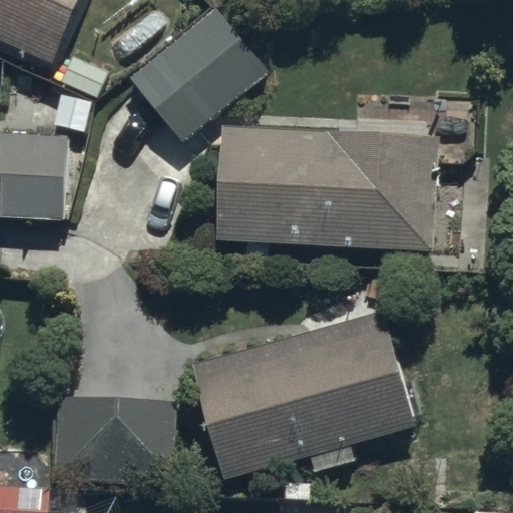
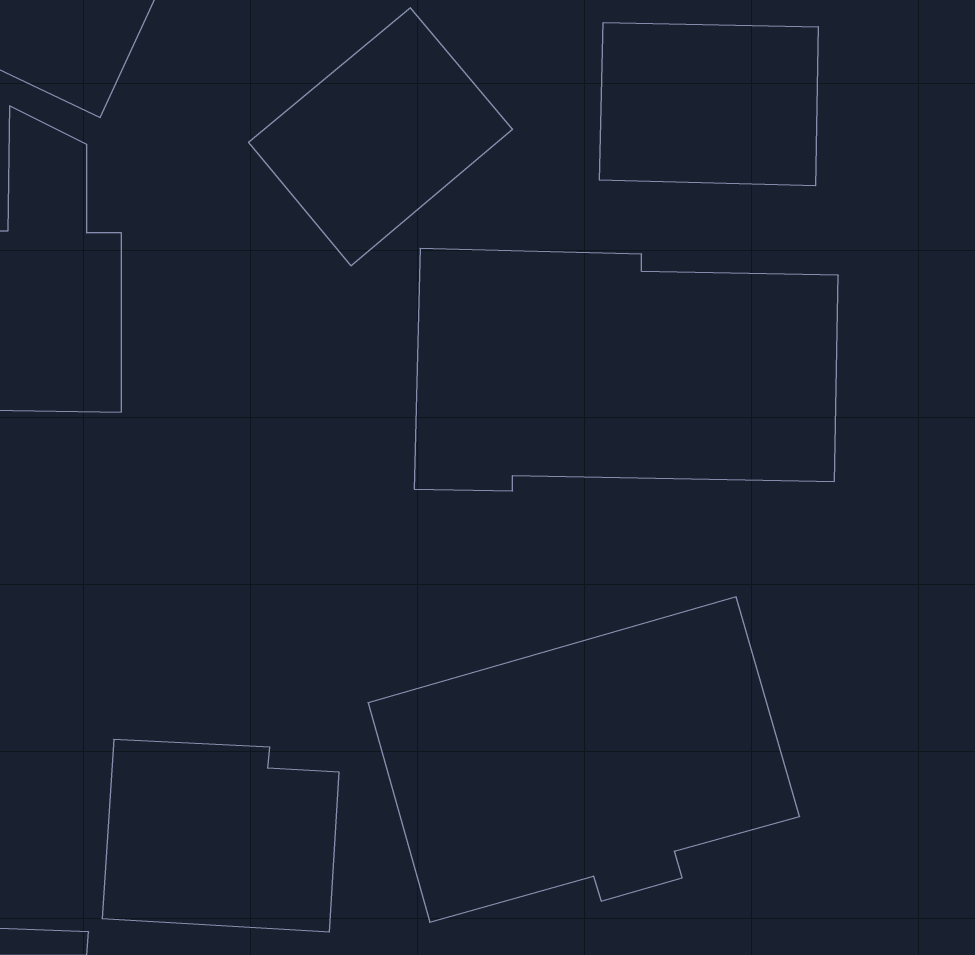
building: none -> [599,23,818,186]

